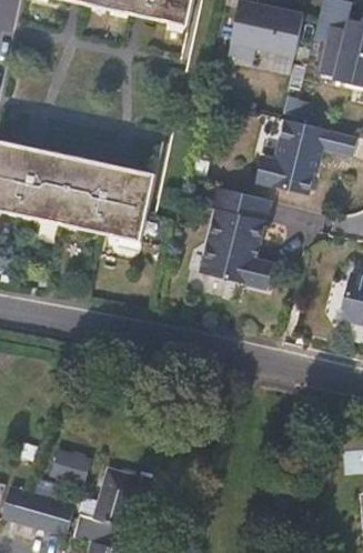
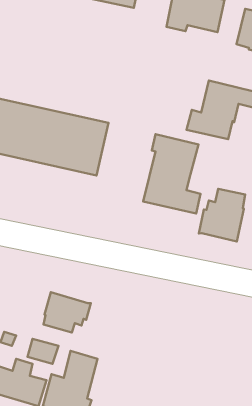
building: none -> [199,189,245,241]
building: none -> [43,292,91,332]

